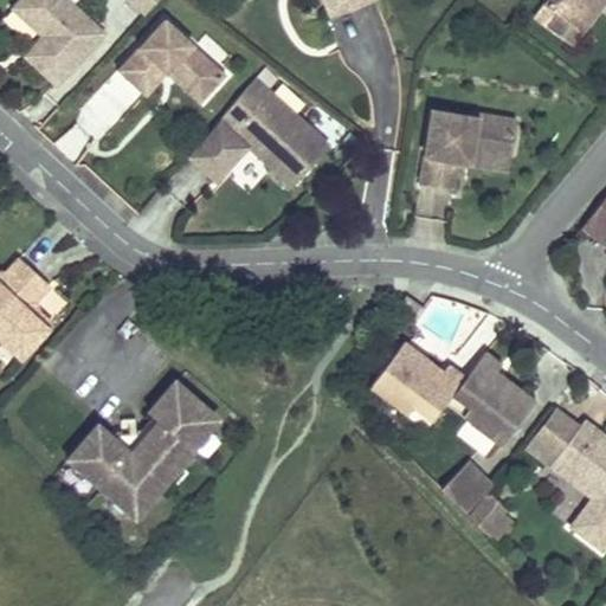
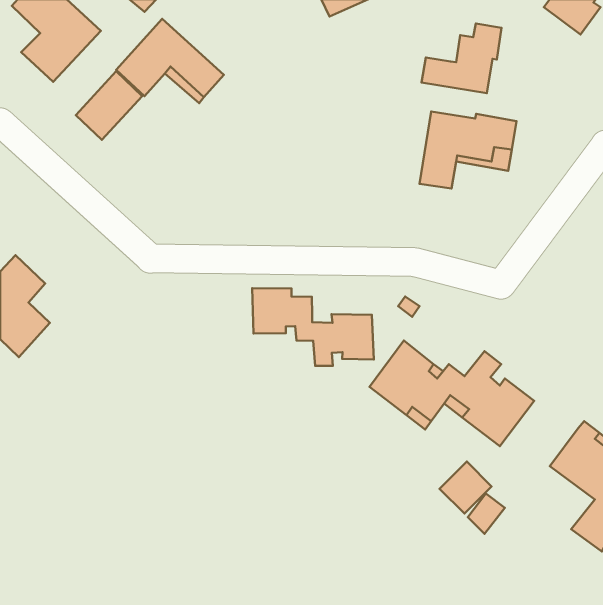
building: none -> [421,24,502,93]
building: [188,77,327,186] -> none
building: none -> [252,288,374,366]
building: [71,381,218,516] -> none
building: [524,407,580,465] -> none

